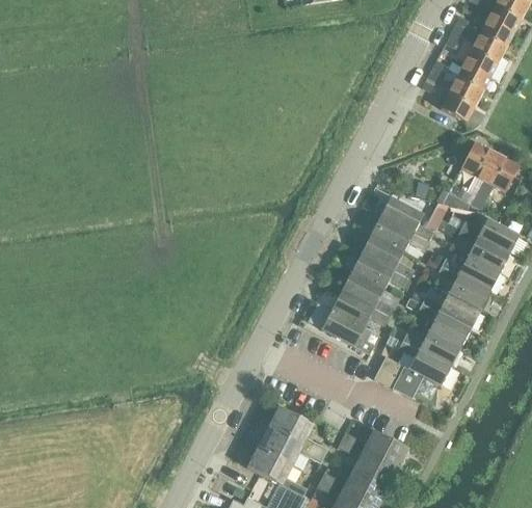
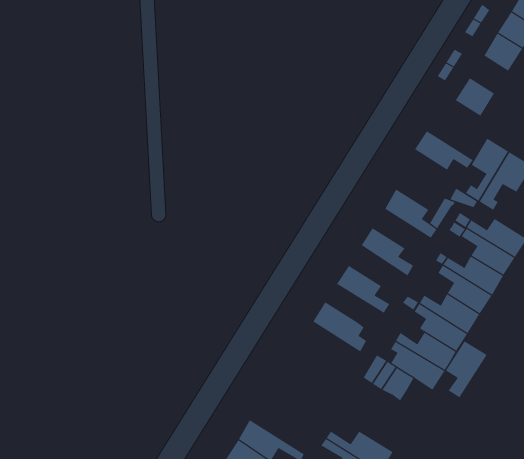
building: [452,63,488,99] -> none
building: [370,216,427,252] -> [414,130,473,170]
building: [350,252,407,290] -> none
building: [330,291,388,326] -> none
building: none -> [445,340,488,398]
building: [267,406,326,455] -> none

